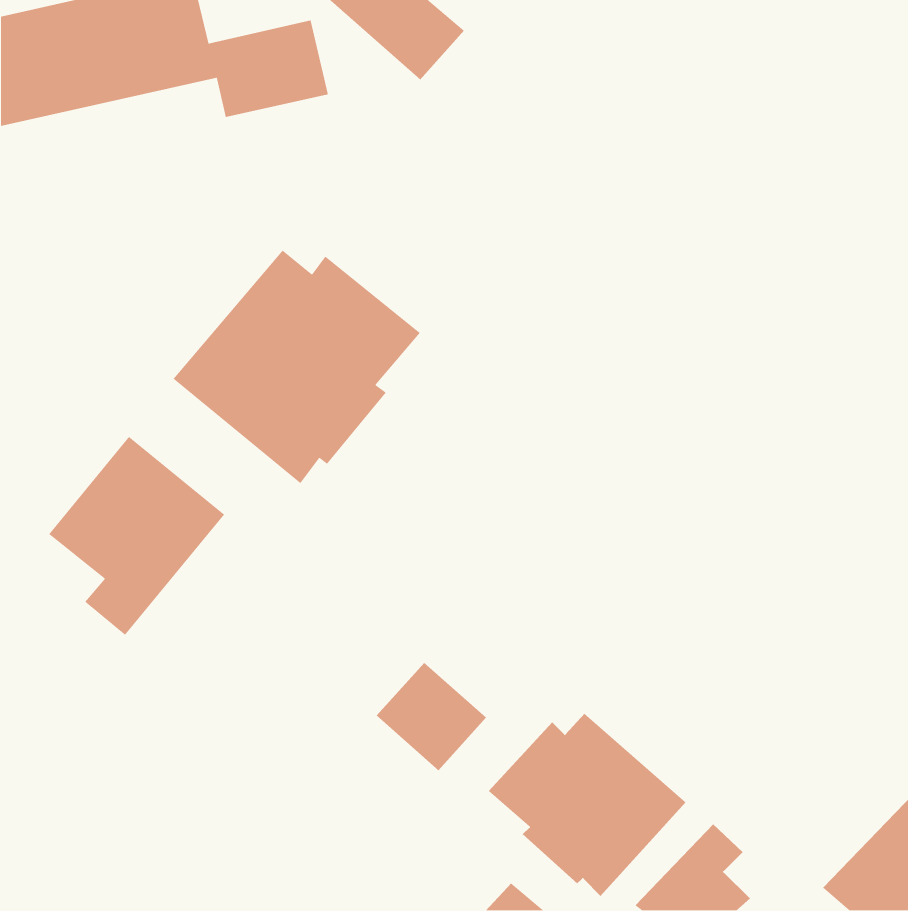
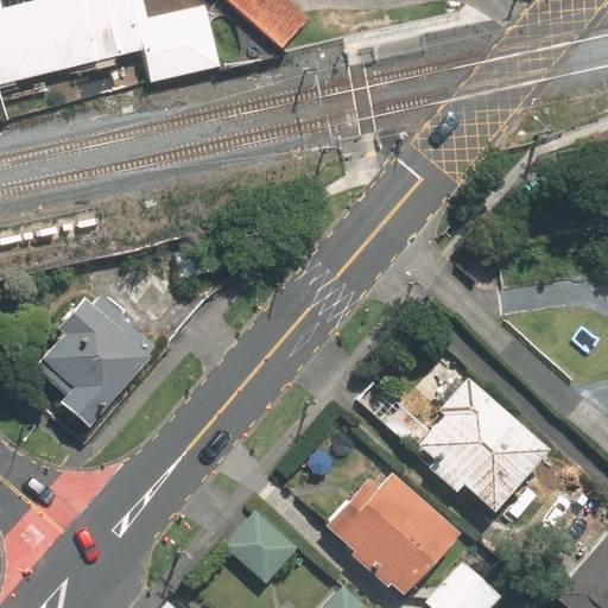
building: [172,250,421,484] -> none
building: none -> [419,376,551,512]
building: [376,662,487,771] -> [226,511,299,583]

